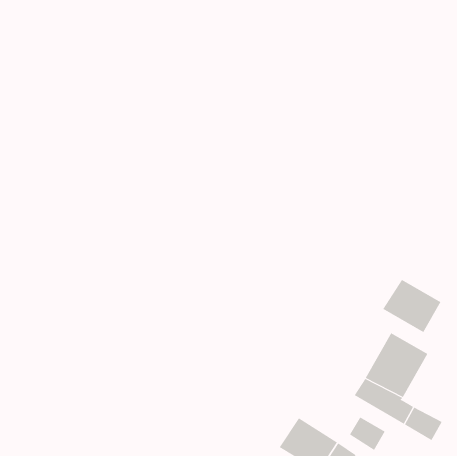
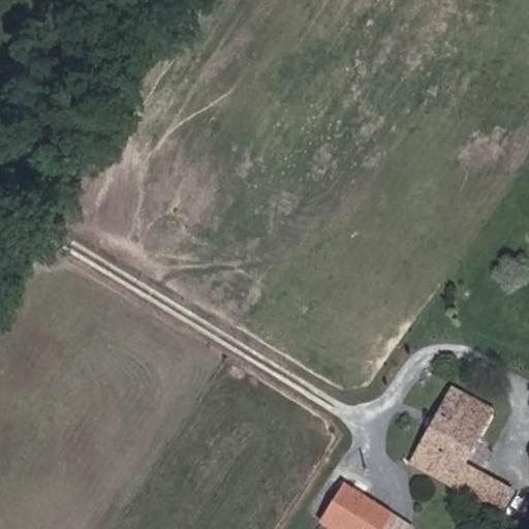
building: [383,279,441,333] -> none
building: [349,417,386,451] -> none

